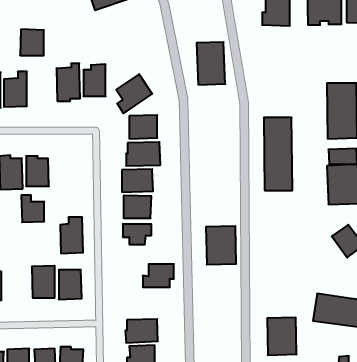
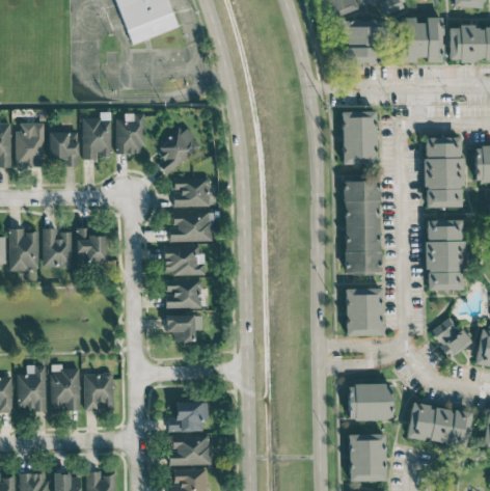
building: [20,29,44,55] -> [49,132,79,165]
building: [197,42,225,85] -> [342,111,378,165]
building: [21,195,44,222] -> [77,228,106,263]
building: [60,217,83,253] -> [18,365,47,411]
building: [206,226,236,265] -> [345,288,383,336]
building: [143,264,174,287] -> [169,403,209,432]
building: none -> [348,384,392,420]

